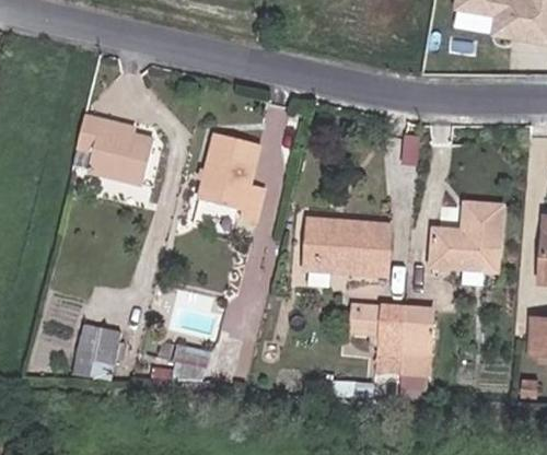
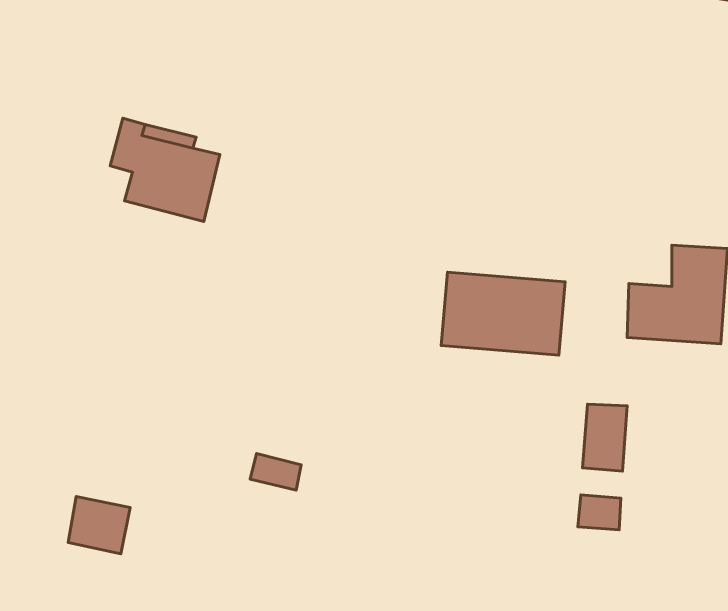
building: [196,132,264,222] -> none
building: [360,307,405,353] -> none
building: [78,324,120,363] -> [68,496,130,554]

